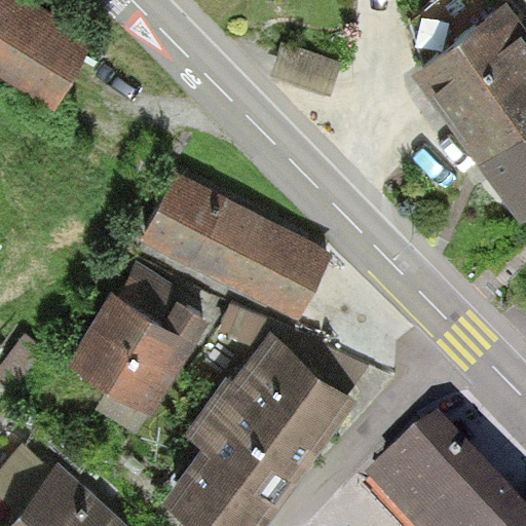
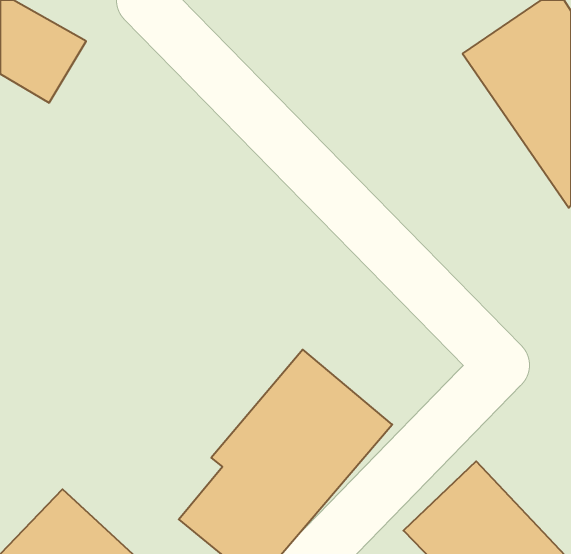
building: [140,173,325,315] -> none
building: [70,287,211,410] -> none

